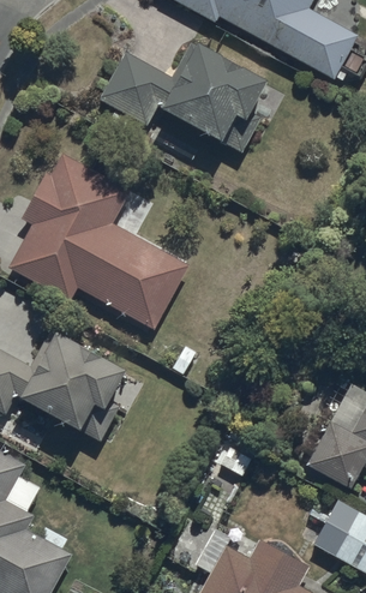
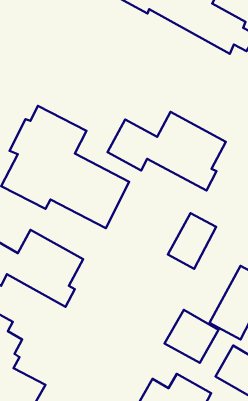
building: [101,41,270,154] -> [108,112,226,191]
building: none -> [168,213,216,269]
building: none -> [165,310,219,363]

